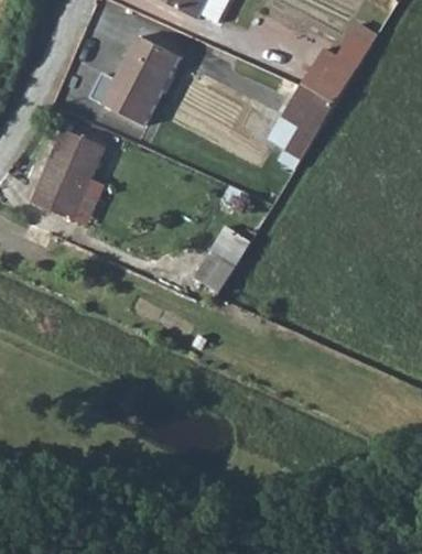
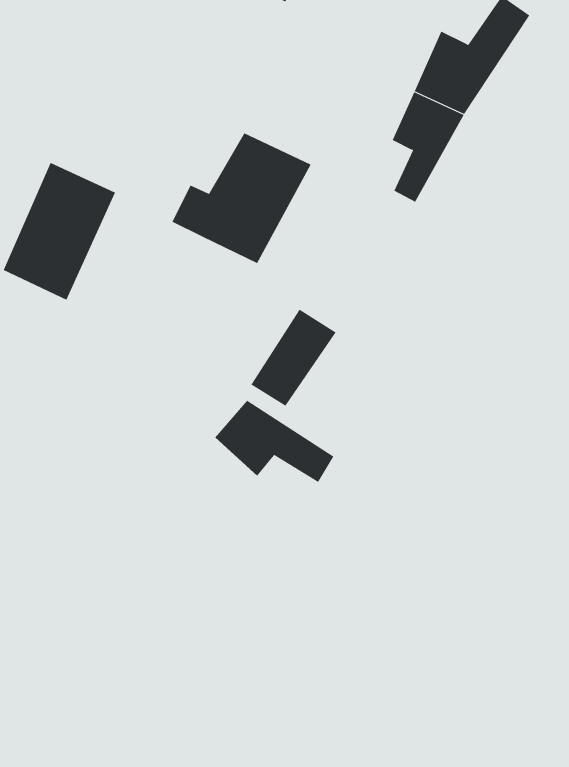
building: [89,36,181,122] -> [172,132,311,264]
building: none -> [215,400,334,483]

